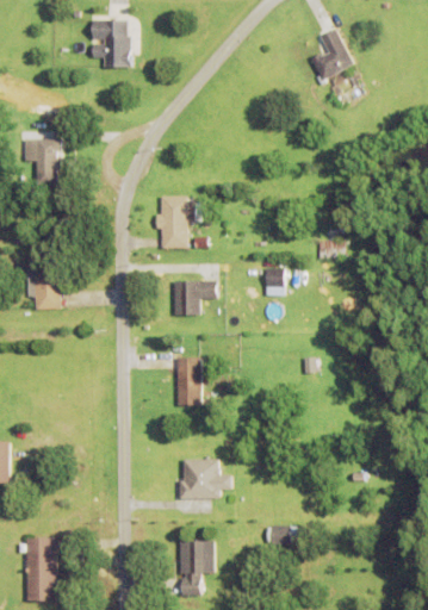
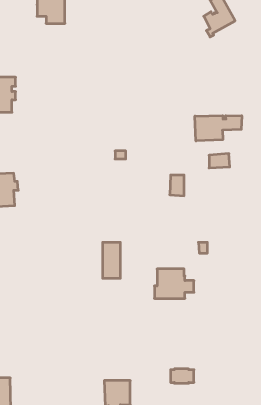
building: none -> [195,116,242,141]
building: [156,195,194,248] -> none
building: [174,280,218,315] -> none
building: [179,459,231,498] -> [154,269,194,298]

